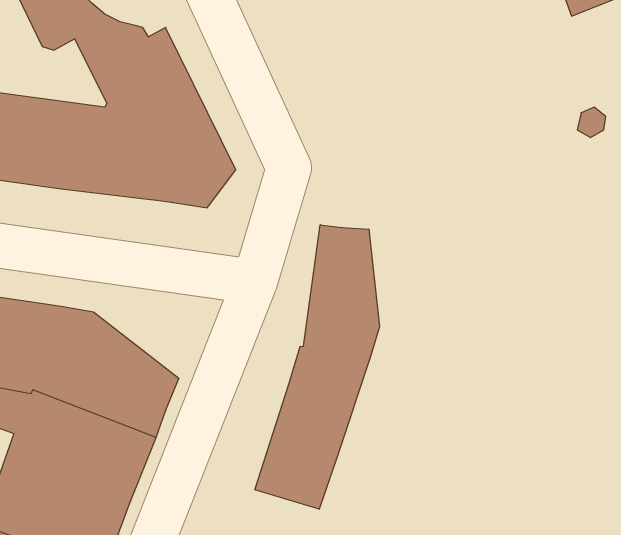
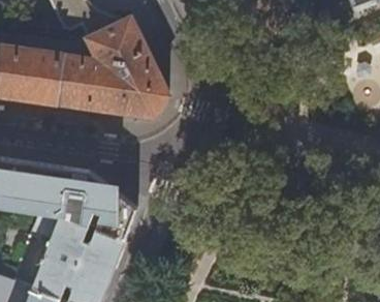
building: [255,225,380,509] -> none

